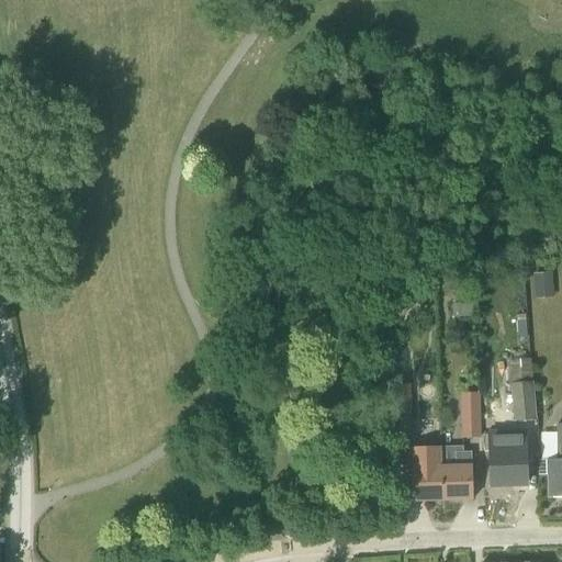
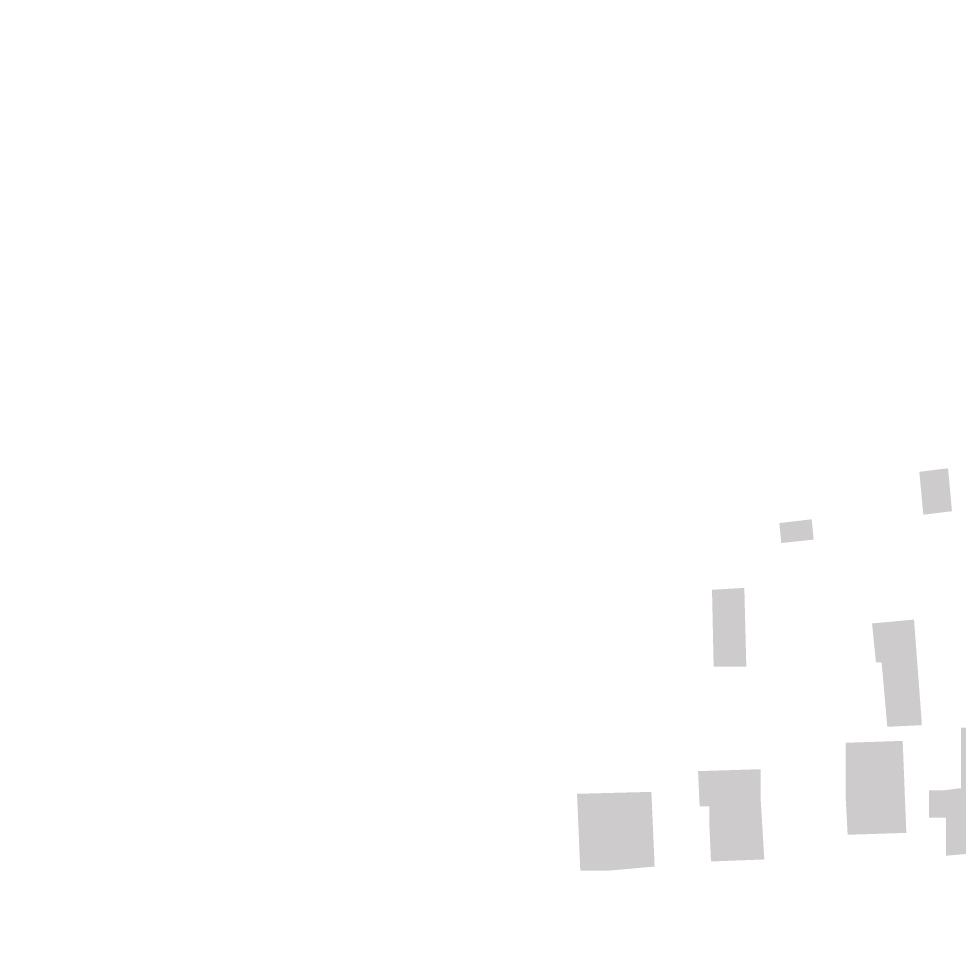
building: [460,387,481,434] -> [711,588,747,667]
building: [442,450,473,498] -> none
building: none -> [576,791,655,872]

